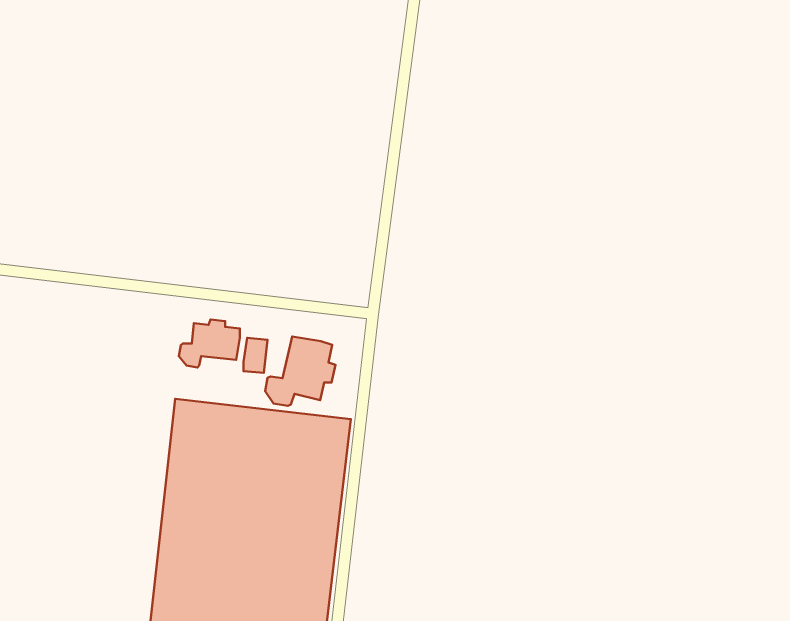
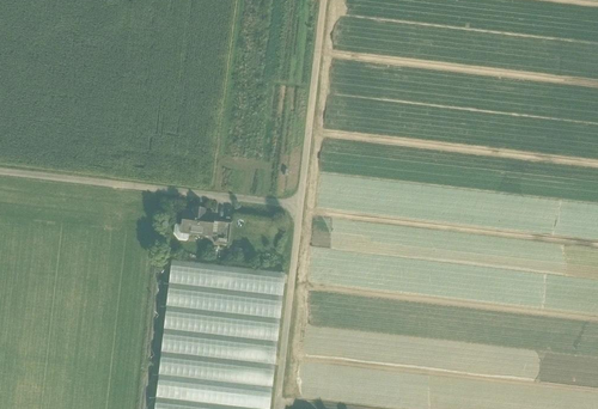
building: [265,336,335,406] -> none

